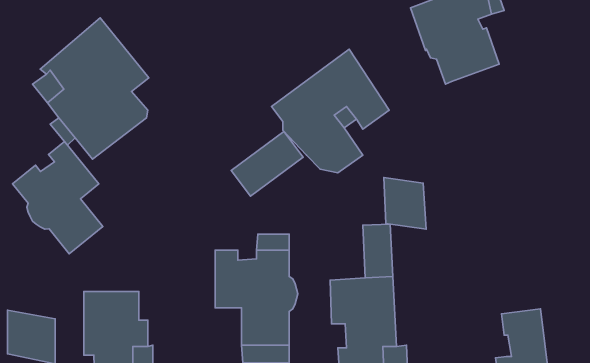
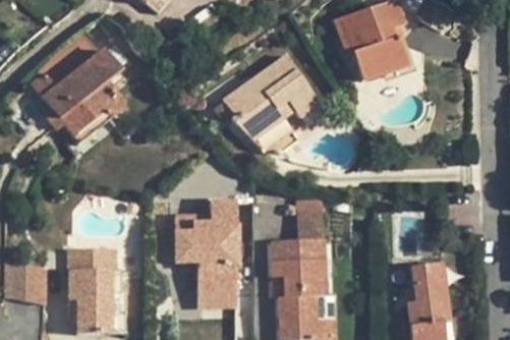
building: [231,131,303,196] -> none
building: [12,142,103,254] -> none
building: [384,178,426,229] -> none

